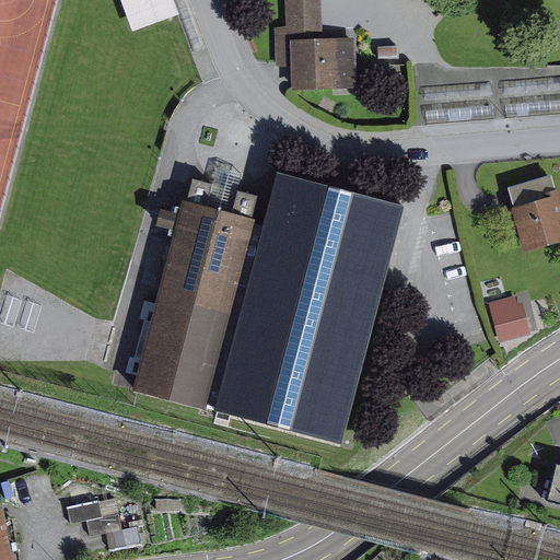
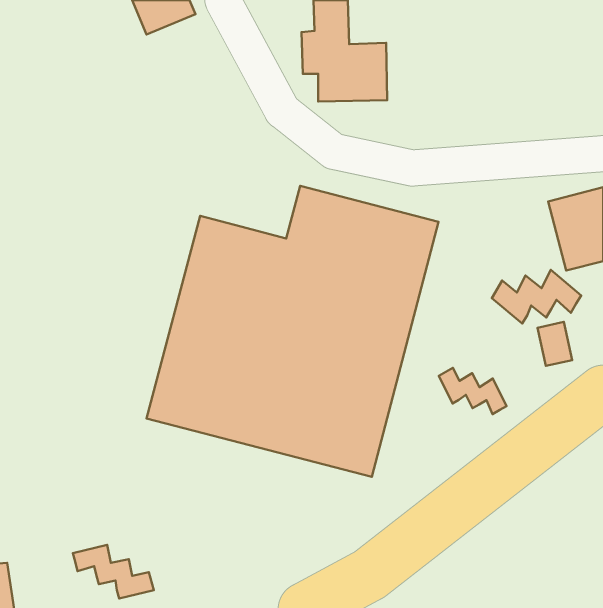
building: none -> [492,270,581,324]
building: none -> [439,368,507,414]

